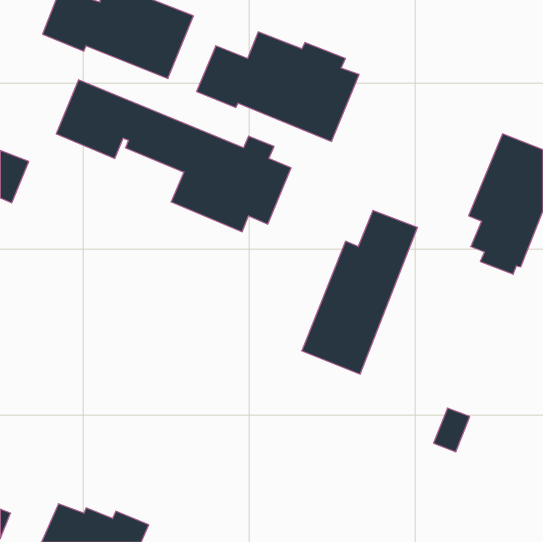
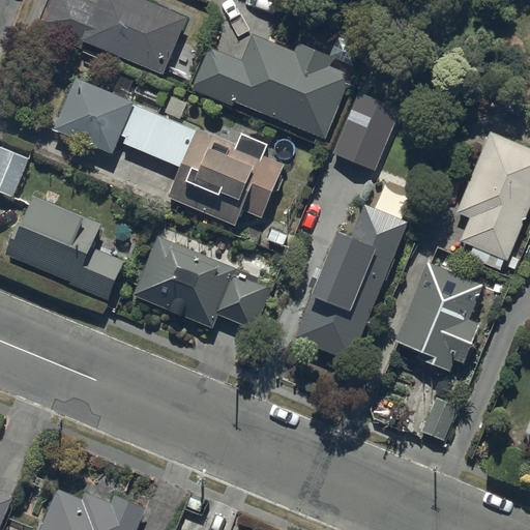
building: none -> [330,91,400,173]
building: none -> [6,197,124,302]
building: none -> [130,234,272,329]
building: none -> [394,264,482,375]

